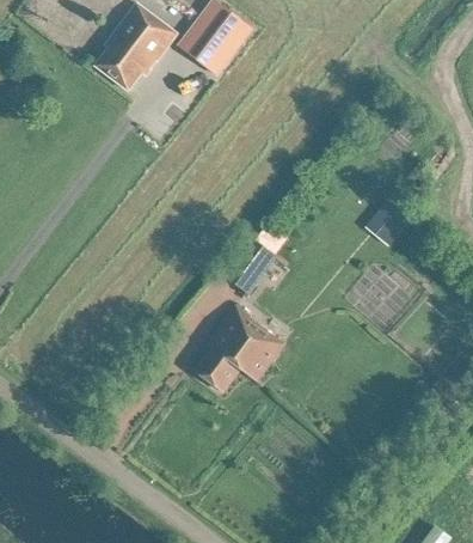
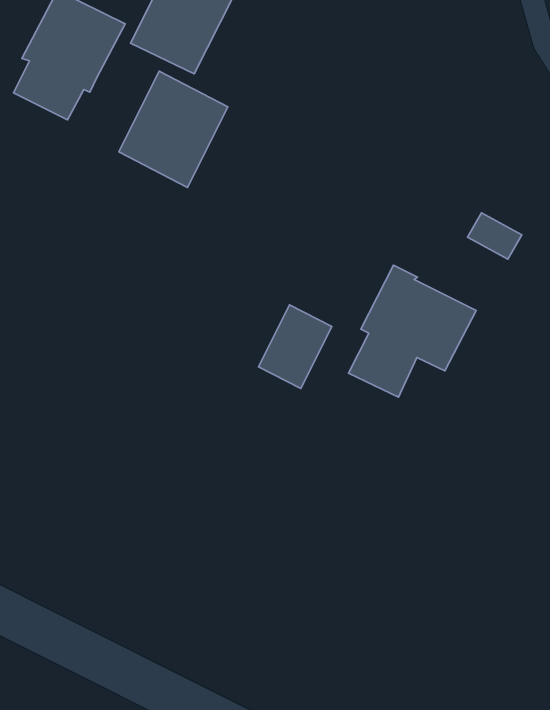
building: none -> [119,71,228,188]
building: [194,305,284,392] -> [349,265,476,397]

